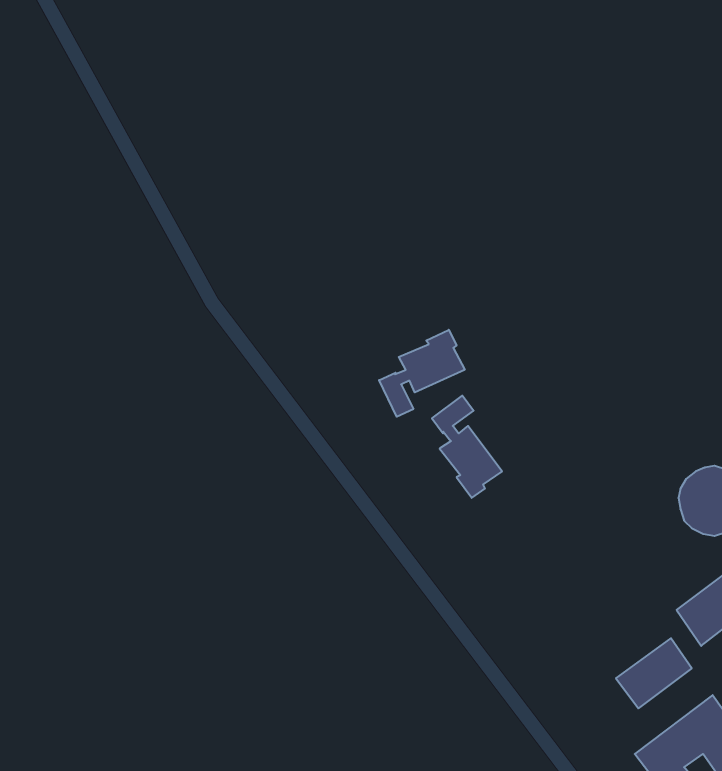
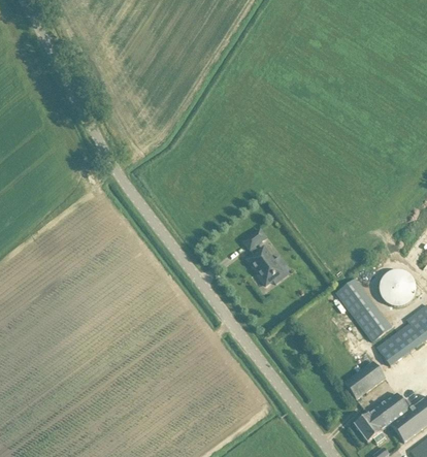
building: [379,330,465,417] -> none
building: none -> [335,276,394,341]

